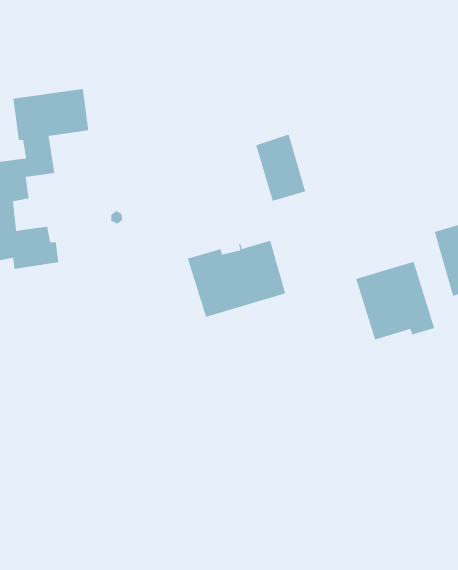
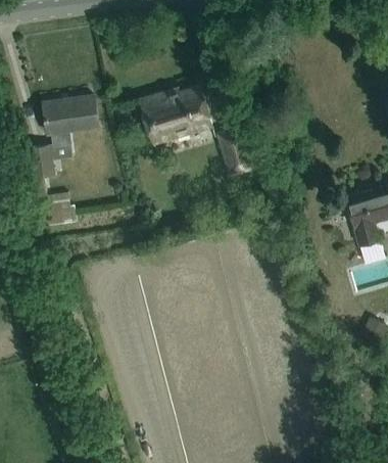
building: [187,240,286,318] -> [139,86,210,142]
building: [355,261,435,340] -> none

